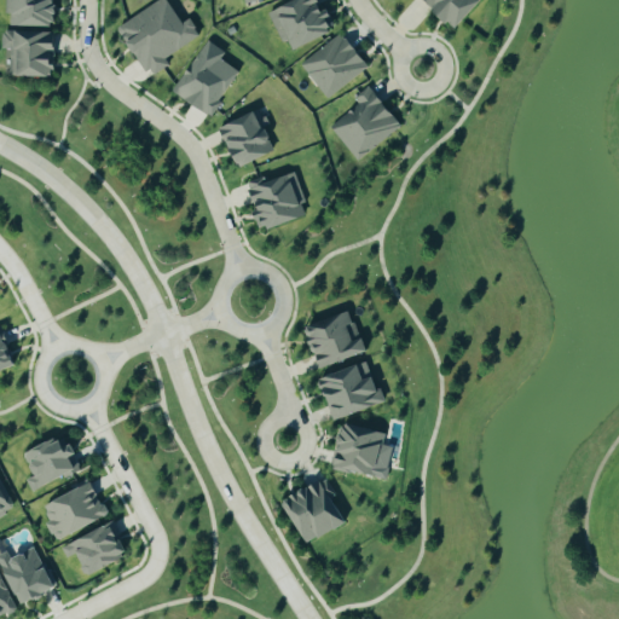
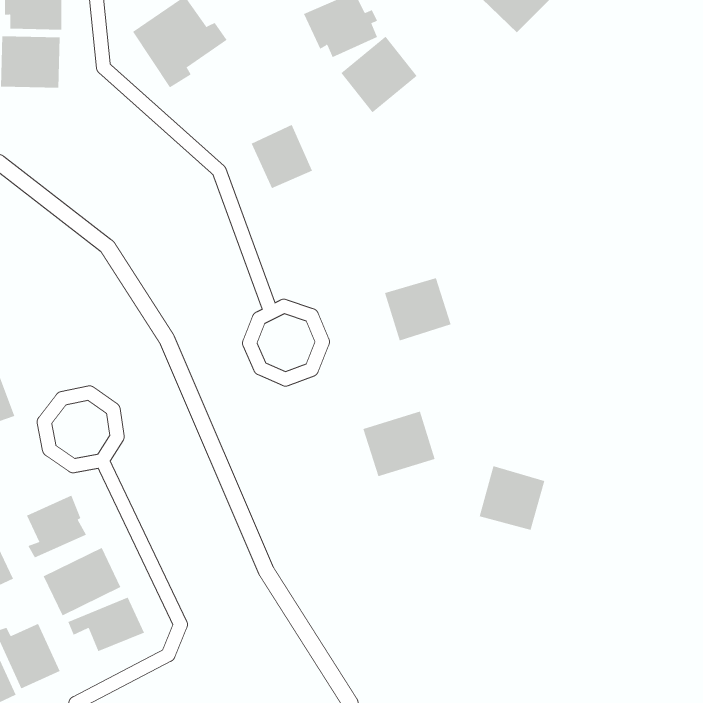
building: [172,40,238,116] -> none
building: [330,85,400,160] -> none
building: [247,172,306,230] -> none
building: [305,311,364,366] -> [384,278,452,341]
building: [331,421,389,478] -> [479,466,545,530]
building: [283,479,345,542] -> none

